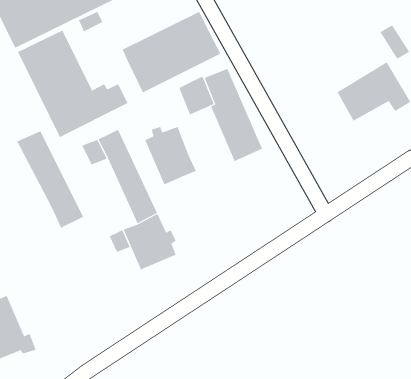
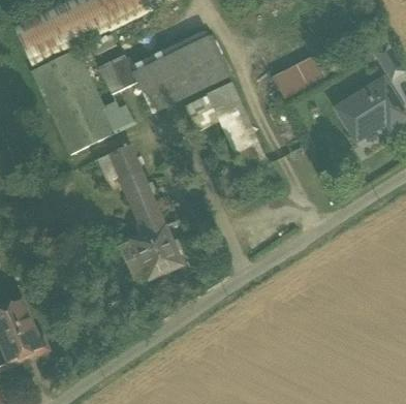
building: none -> [95,49,136,105]
building: none -> [274,59,329,99]
building: [144,126,196,185] -> none
building: [17,131,84,228] -> none

